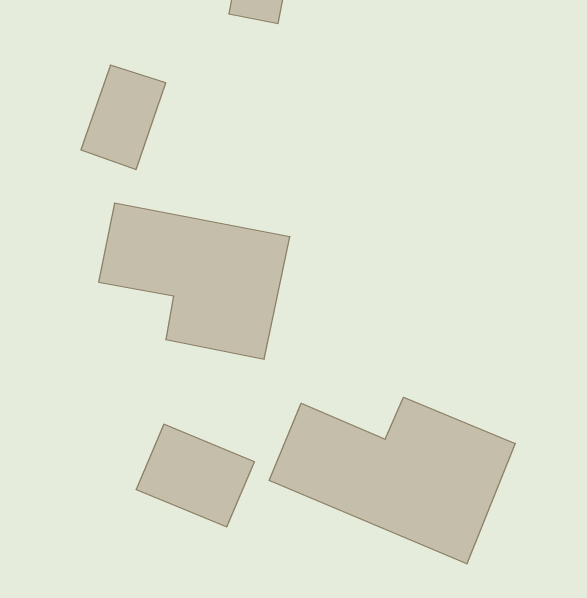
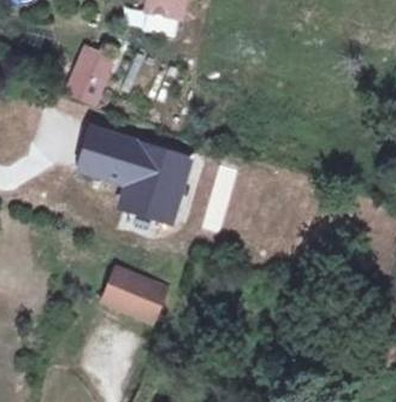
building: [269,397,515,564] -> none

